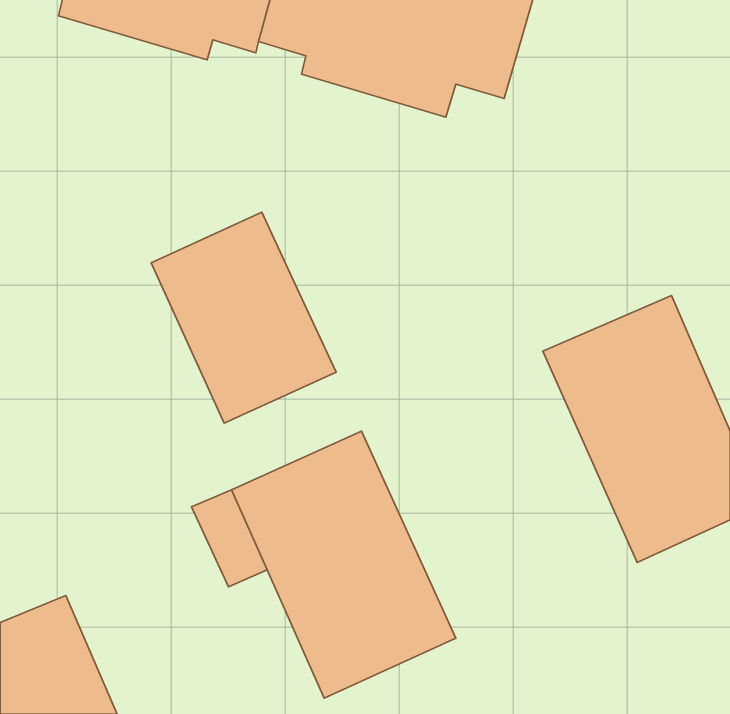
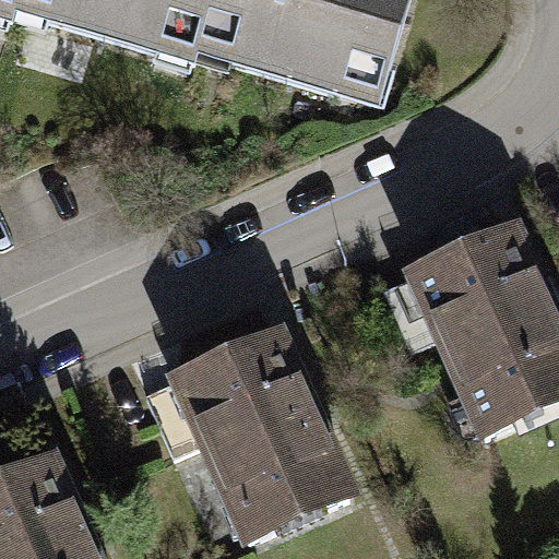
building: [151,212,336,423] -> none

